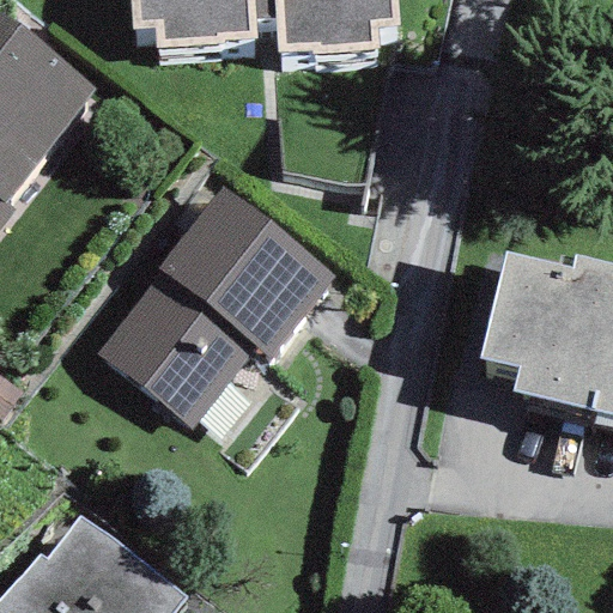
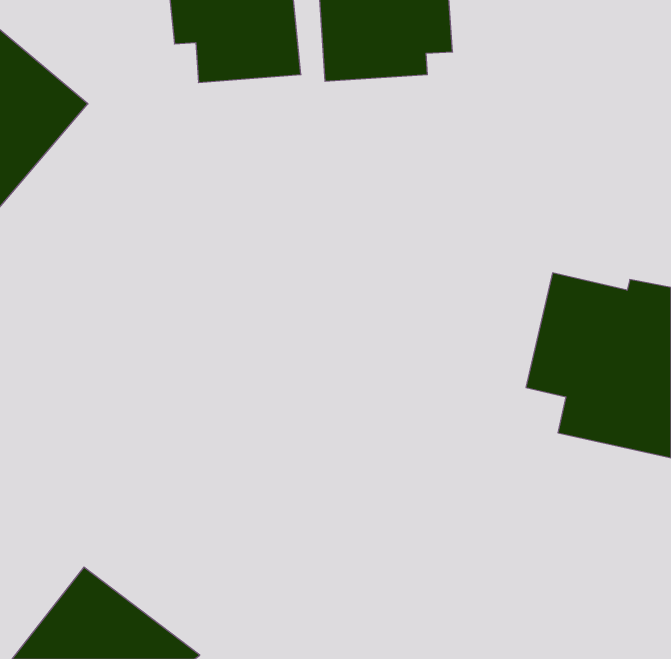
building: [102,194,347,431] -> none

